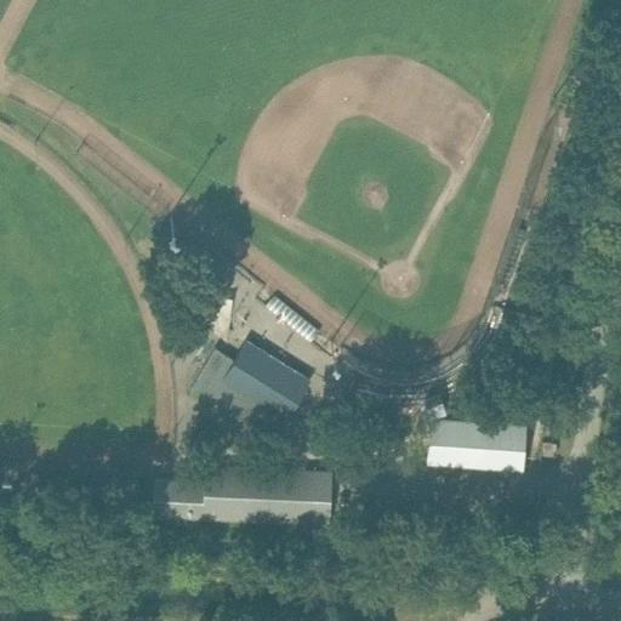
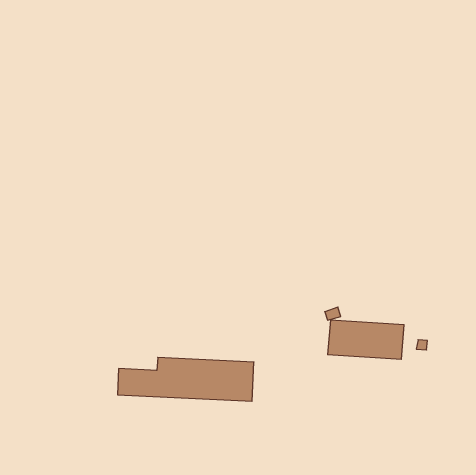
building: [190,341,309,422] -> none

